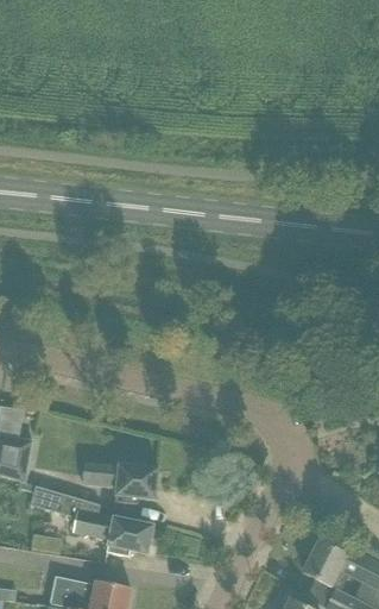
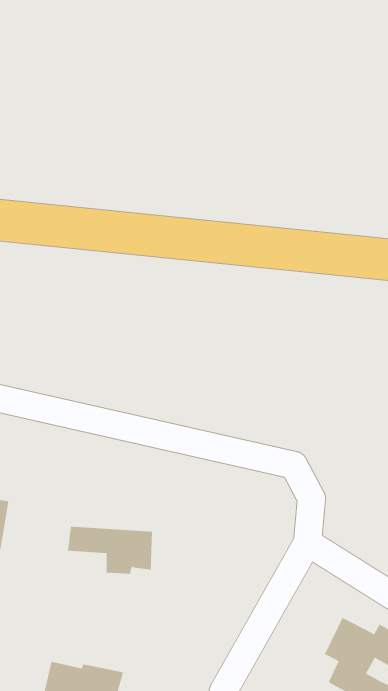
building: [30,485,152,557] -> none

